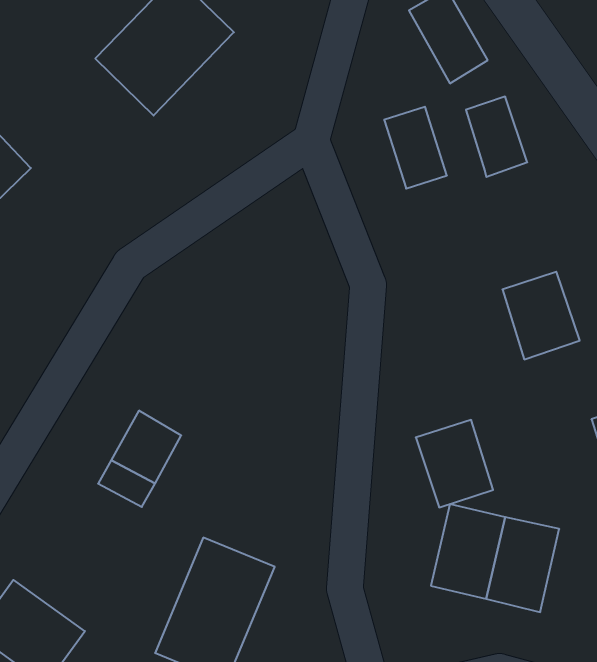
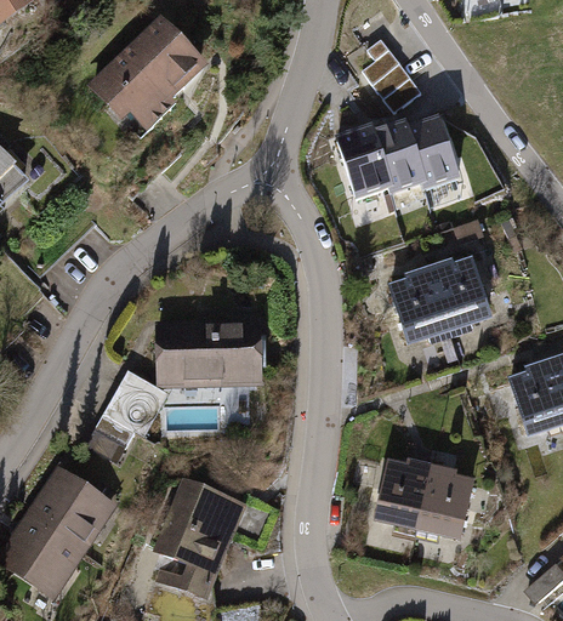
building: none -> [369,121,416,187]
building: none -> [154,315,262,387]
building: [416,420,493,507] -> [385,275,449,348]
building: none -> [24,472,115,559]

